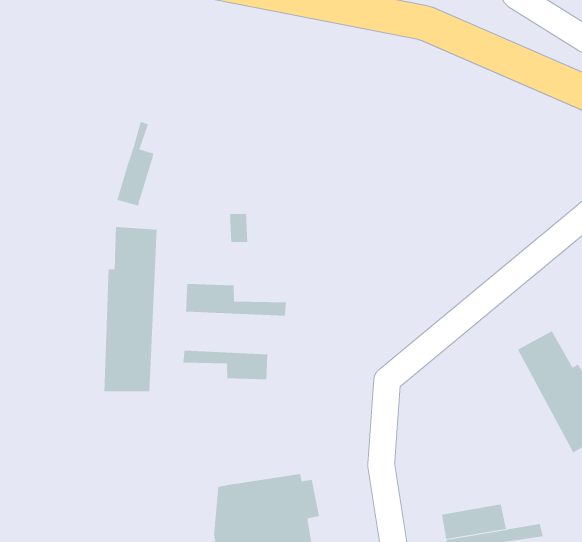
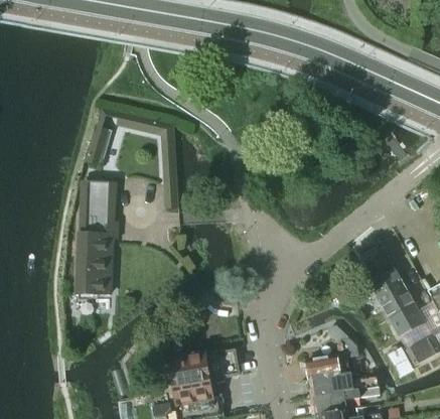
building: [186,283,286,317] -> none
building: [183,350,268,380] -> none
building: none -> [306,339,358,381]

